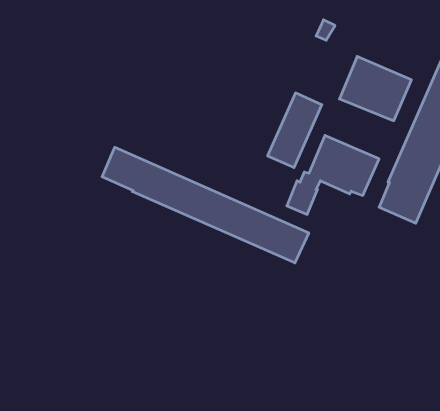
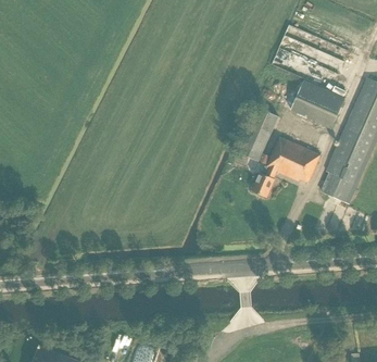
building: [102,147,309,263] -> none

